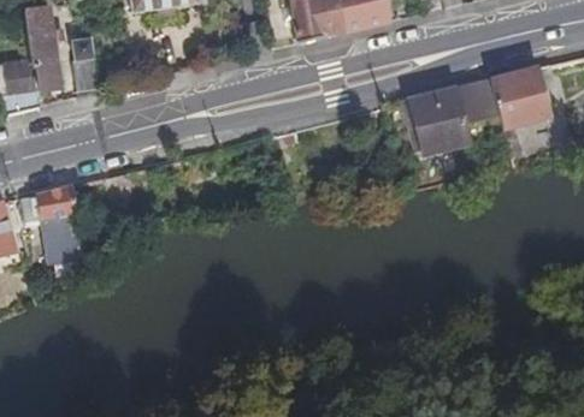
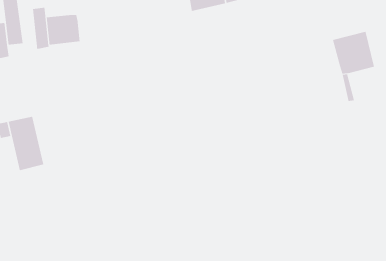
building: none -> [46,14,80,46]
building: [412,79,500,153] -> none

